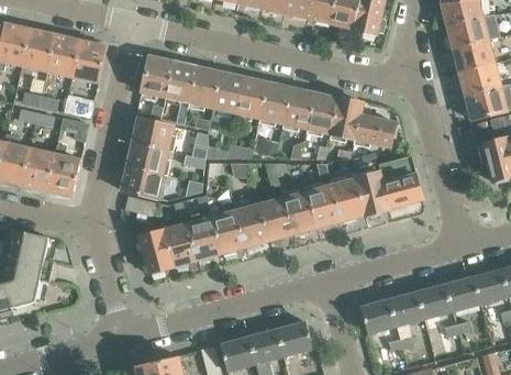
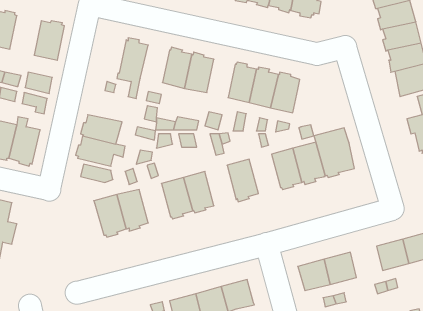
building: [47,34,81,77] -> none
building: [142,53,174,97] -> none
building: [189,64,221,107] -> none
building: [262,79,292,123] -> none
building: [355,114,398,147] -> none
building: [130,117,175,150] -> none
building: [308,185,342,230] -> none
building: [259,197,293,243] -> none
building: [188,217,222,262] -> none
building: [418,285,453,319] -> none

